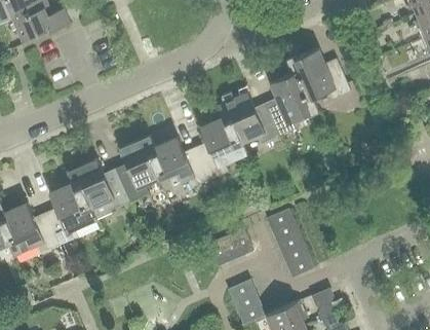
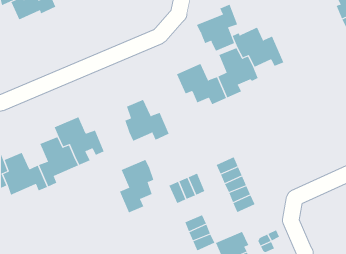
building: none -> [196,4,238,52]
building: [198,117,248,180] -> none
building: [118,135,161,201] -> [119,159,154,213]

